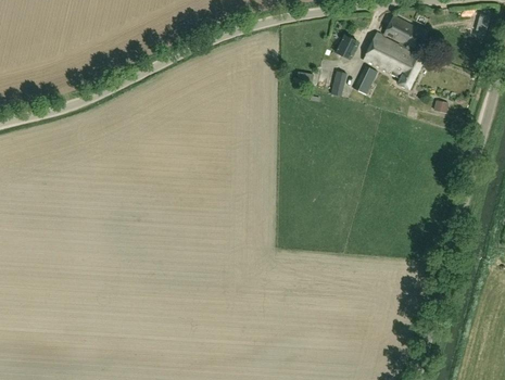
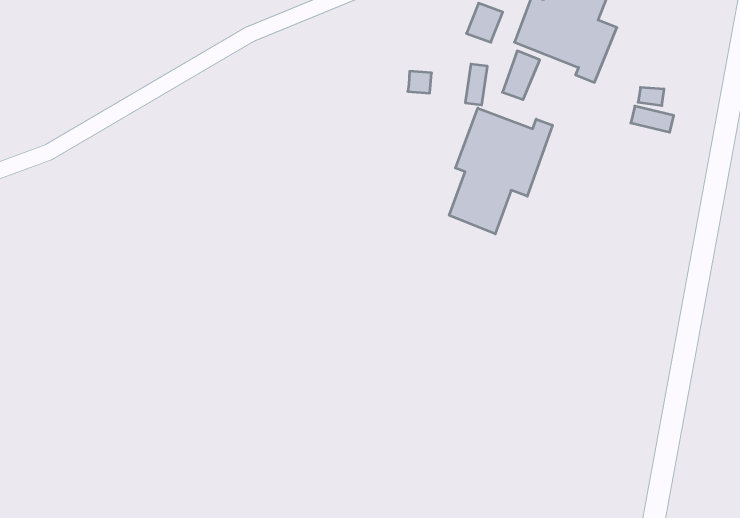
building: none -> [449,108,552,234]

